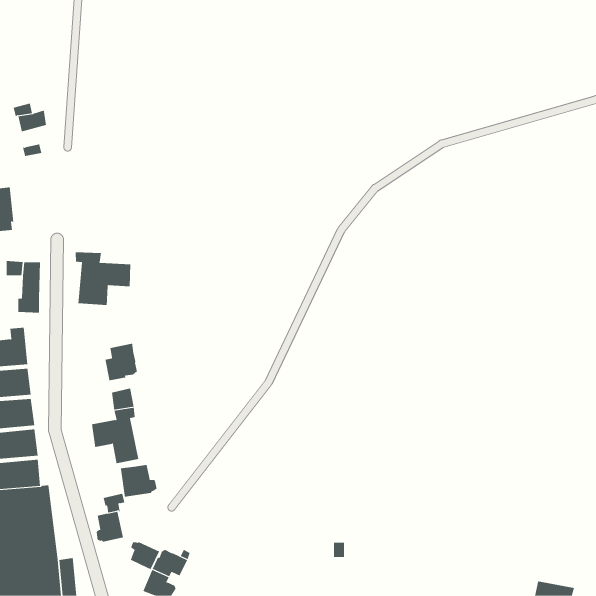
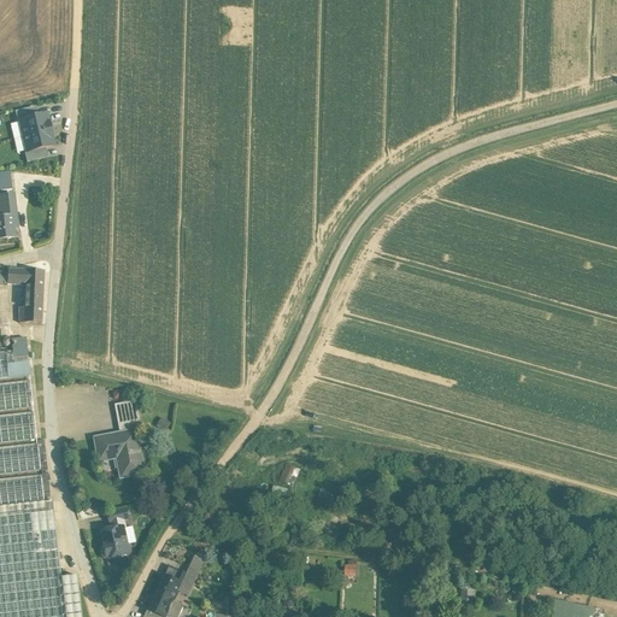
building: [75,252,131,306] -> none
building: [105,343,138,381] -> none
building: [120,464,157,497] -> none
building: [130,541,160,570] -> none

